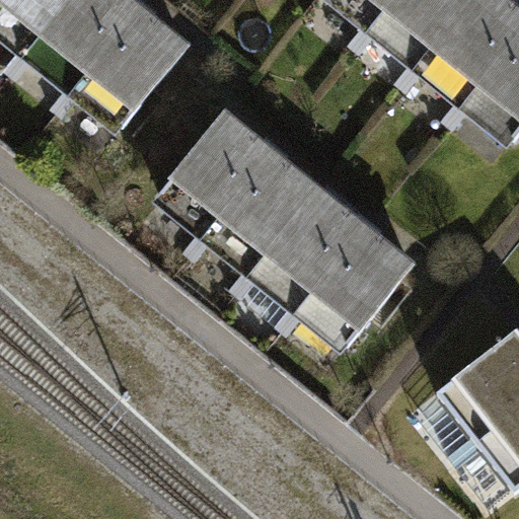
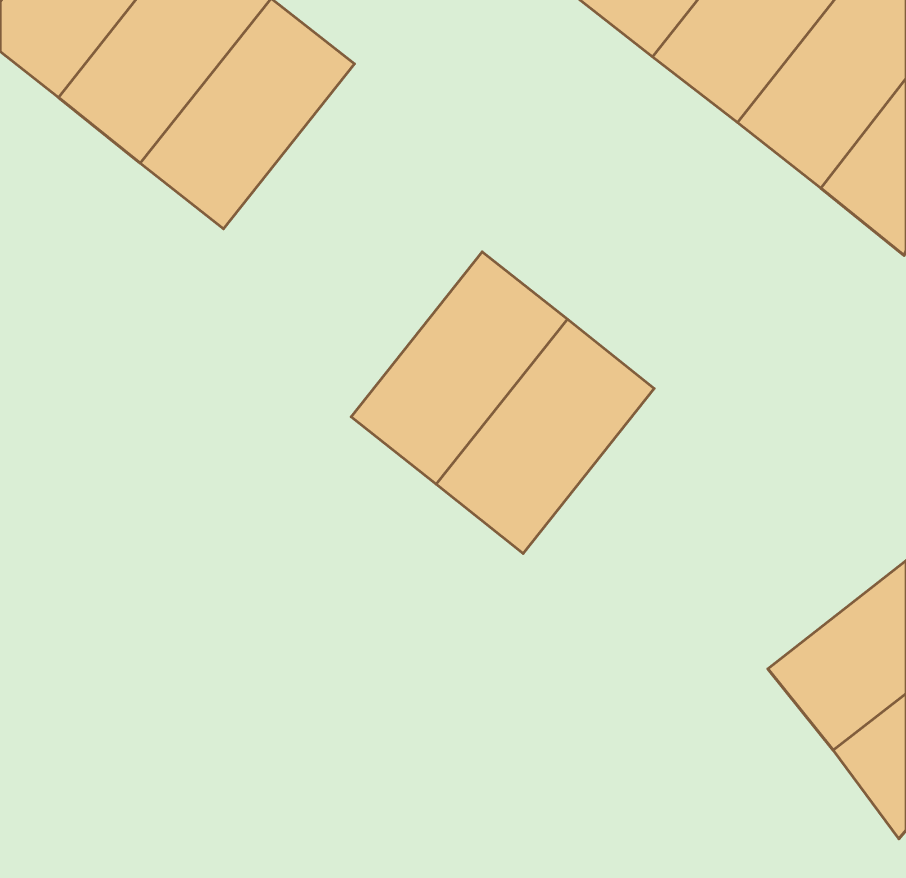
building: [151,104,276,238] -> none
building: [299,222,424,356] -> none

